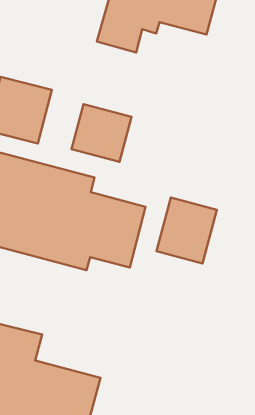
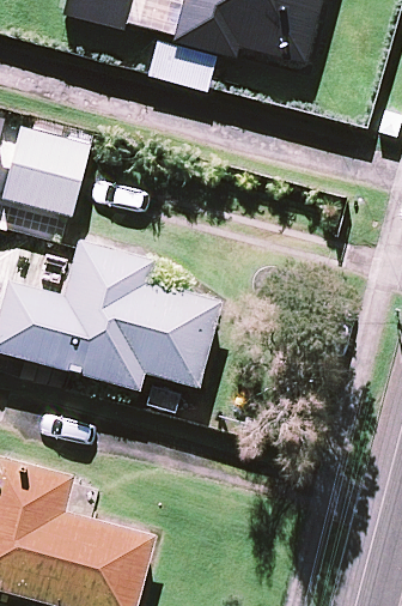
building: [72,104,132,162] -> none
building: [157,197,217,264] -> none

